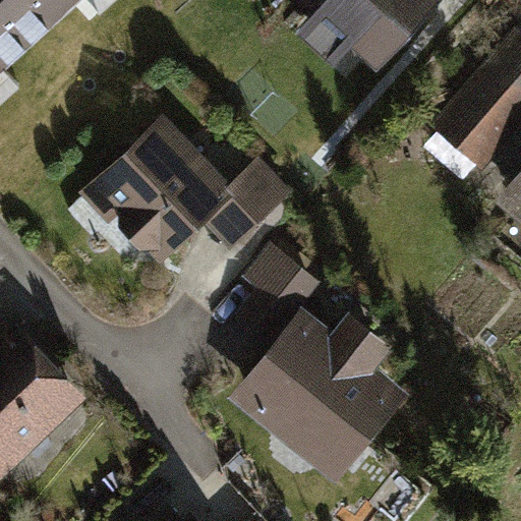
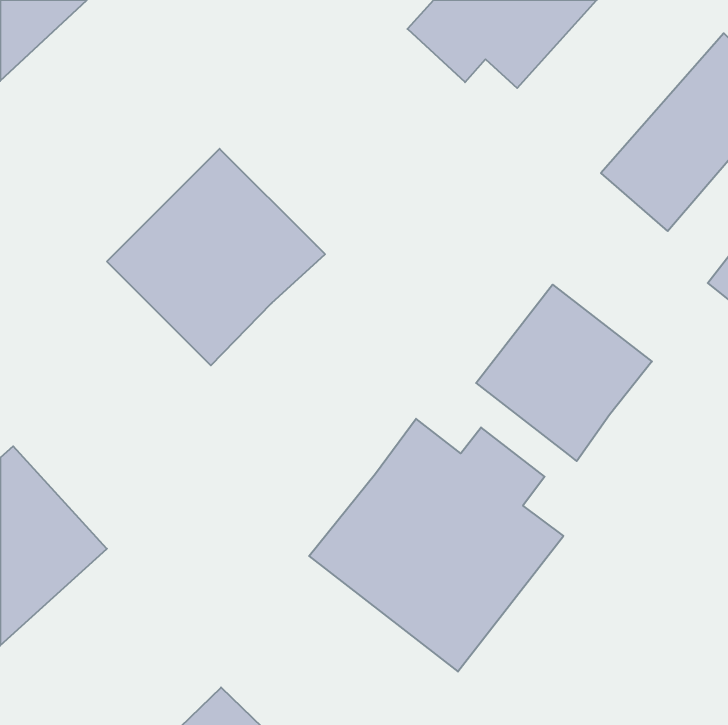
building: [198,155,296,255] -> none
building: none -> [476,285,652,461]
building: [238,246,316,343] -> none

